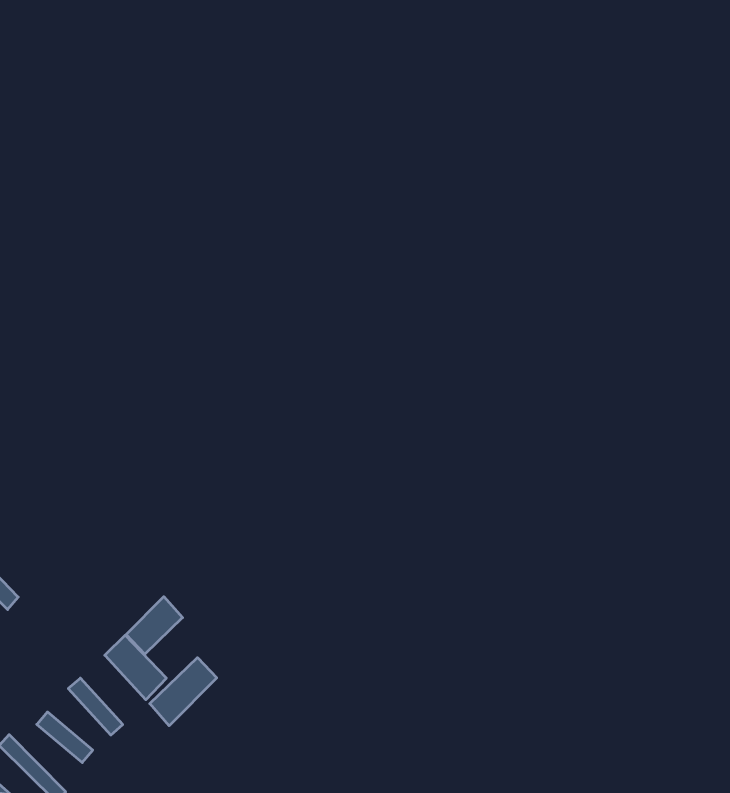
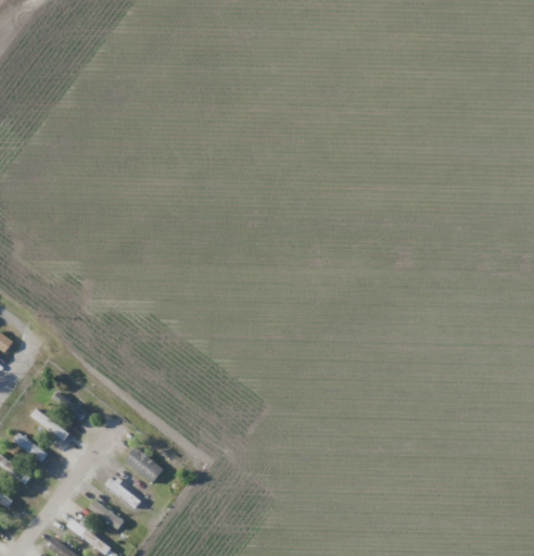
building: [126,597,183,654] -> none
building: [150,658,217,726] -> none

